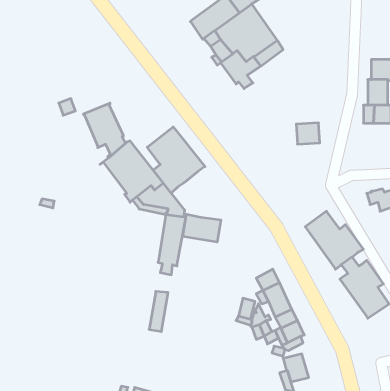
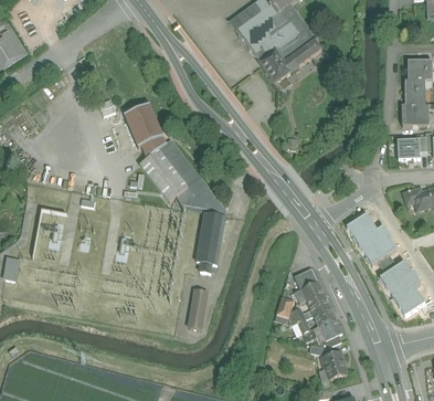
building: [296,123,320,144] -> [398,138,421,159]
building: [147,127,205,193] -> none
building: [183,214,221,242] -> none

